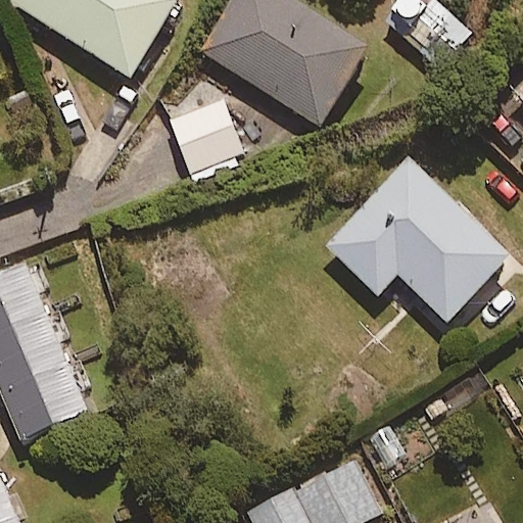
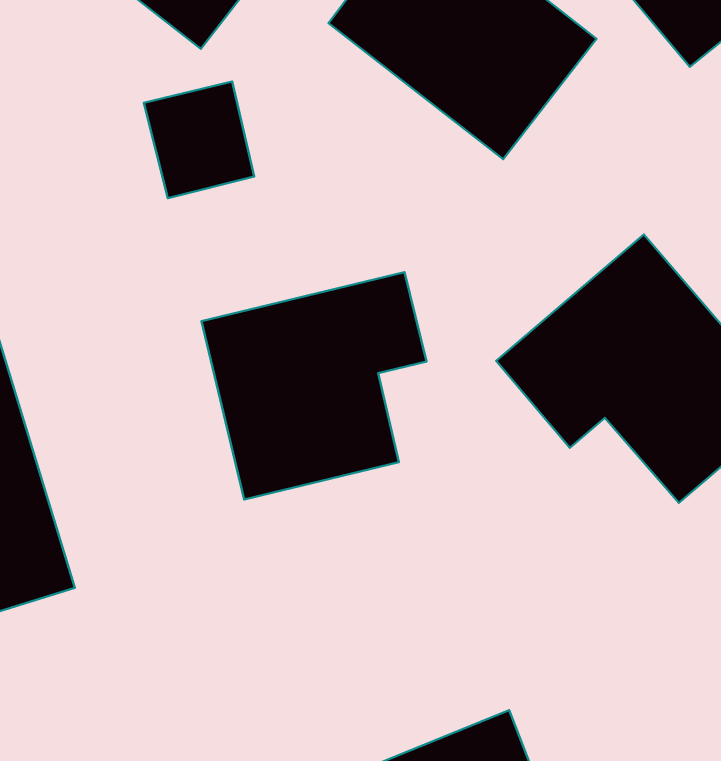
building: [171,100,242,175] -> [144,82,254,198]
building: none -> [202,272,427,500]

